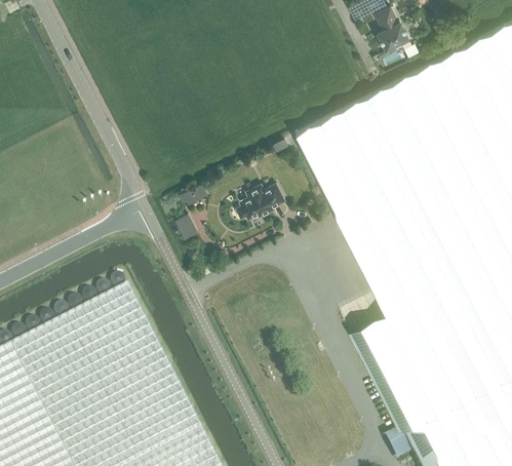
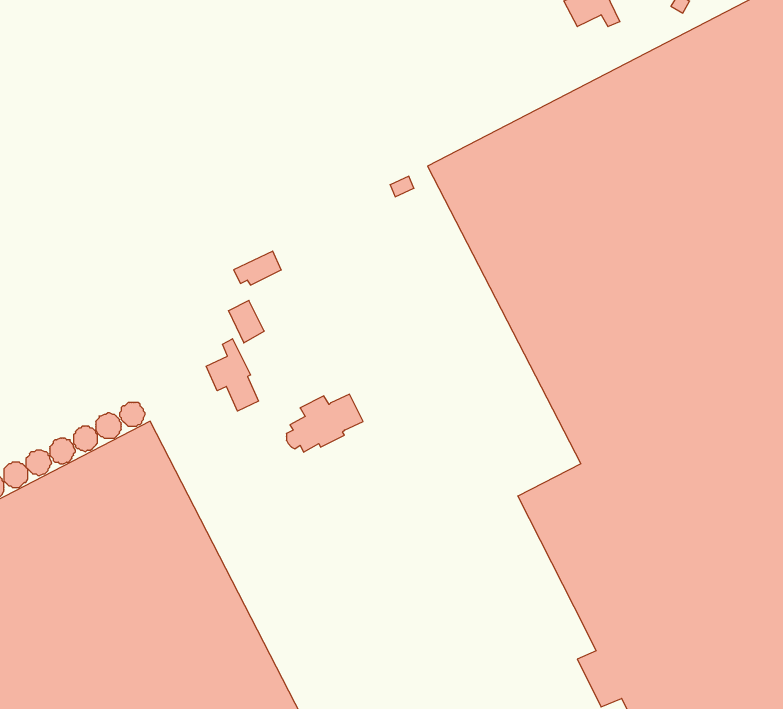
building: [239,187,285,222] -> [286,394,363,452]
building: none -> [206,339,259,411]

